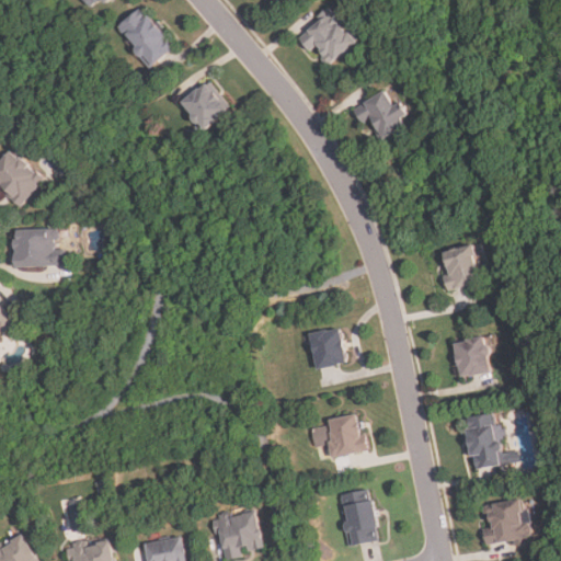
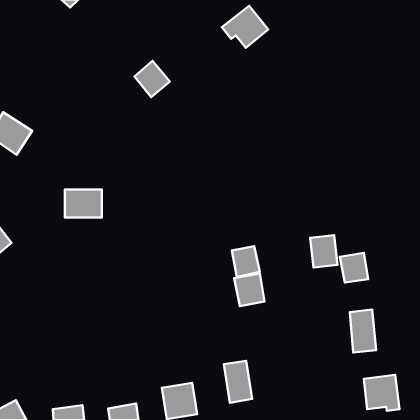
building: [116,8,171,67] -> none
building: [352,91,405,138] -> none
building: [12,229,61,266] -> [65,190,102,218]
building: [442,247,478,289] -> [310,235,337,267]
building: [324,413,365,457] -> [234,273,265,306]
building: [340,490,377,546] -> [224,361,252,403]

